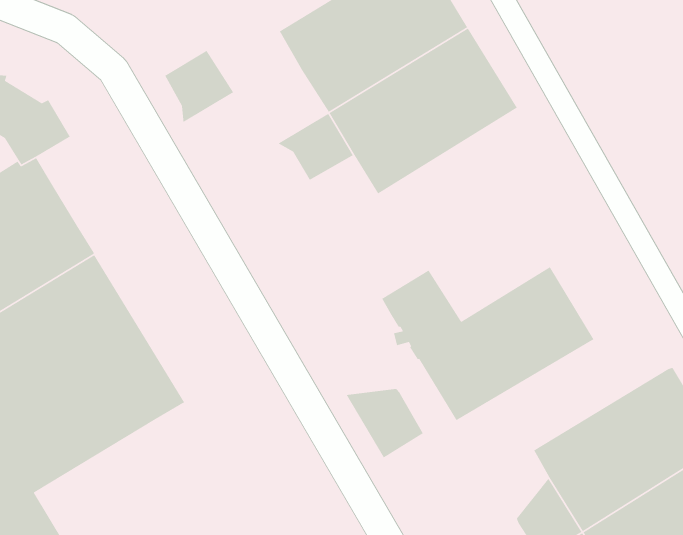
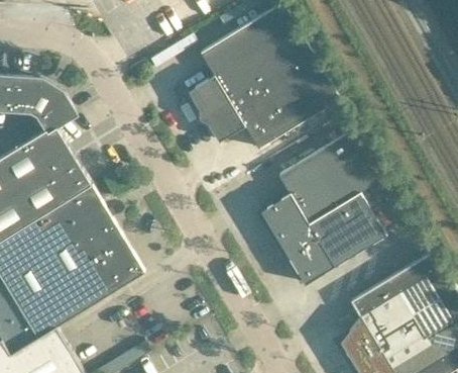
building: [164,50,234,123] -> [188,76,229,119]
building: none -> [277,126,387,224]
building: [345,388,424,459] -> none

